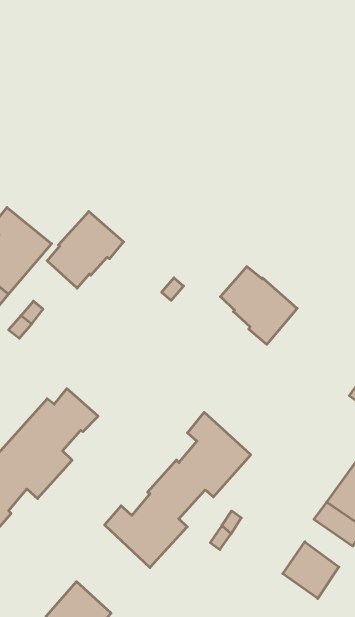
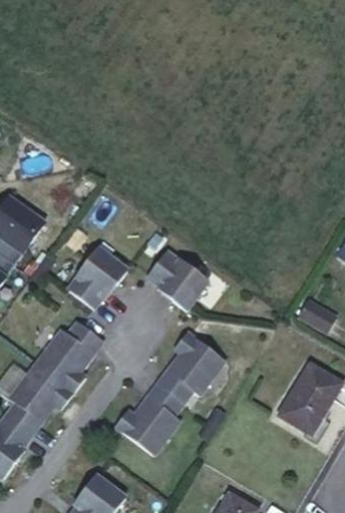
building: [47,211,124,288] -> [68,248,127,310]
building: [220,267,297,344] -> [146,252,208,313]
building: [283,542,339,599] -> none

